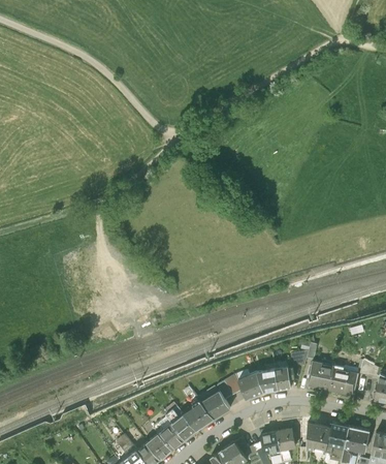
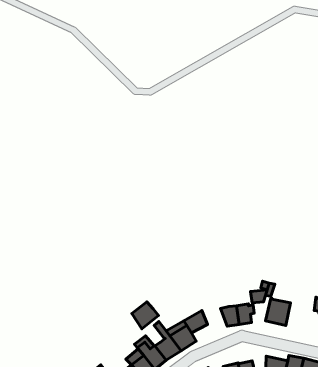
building: none -> [132,302,158,329]
building: [329,366,357,396] -> none
building: [236,369,264,399] -> none

